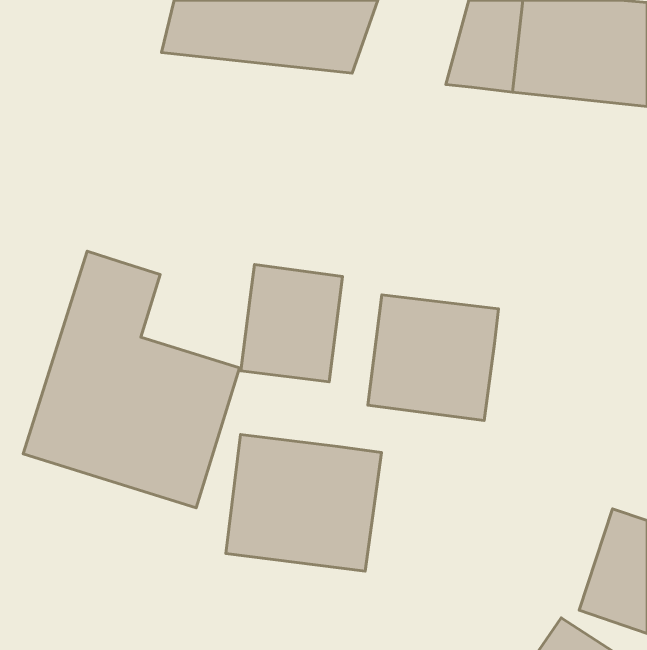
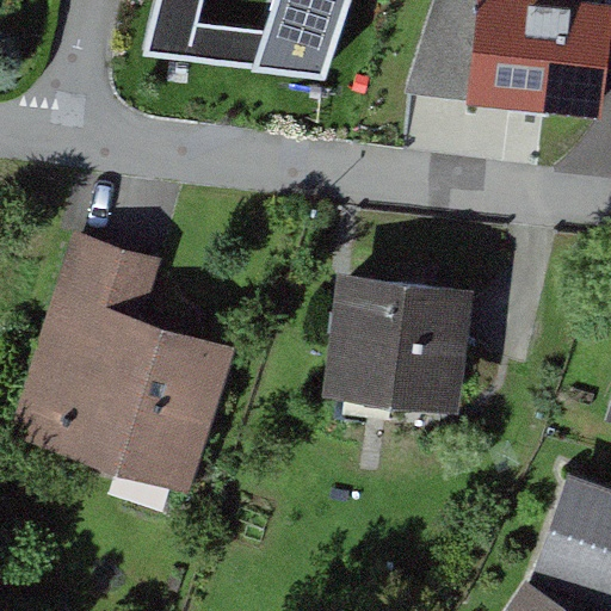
building: [241,265,343,382] -> none
building: [226,434,382,571] -> none

